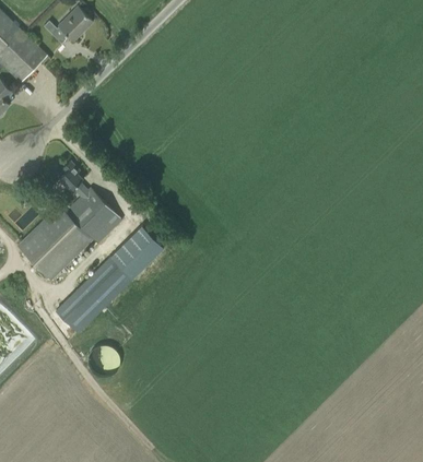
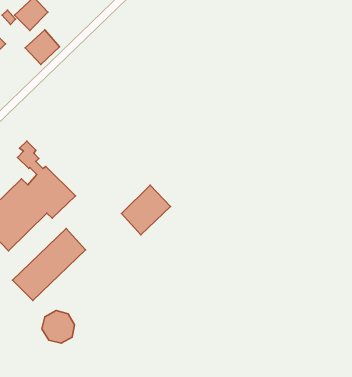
building: none -> [25,30,60,65]
building: [111,225,164,279] -> [122,185,170,235]

